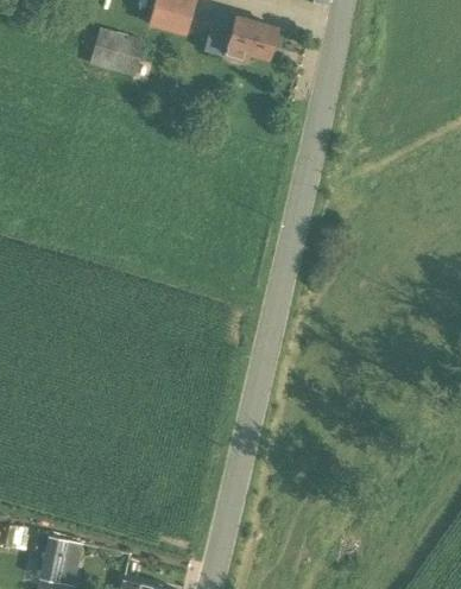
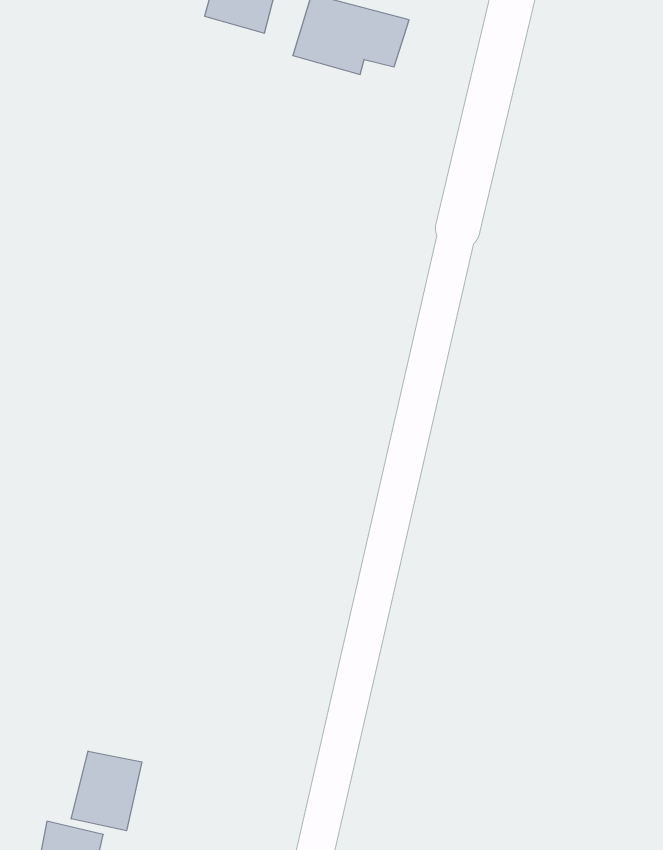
building: [91,28,146,77] -> none
building: none -> [71,751,142,831]

